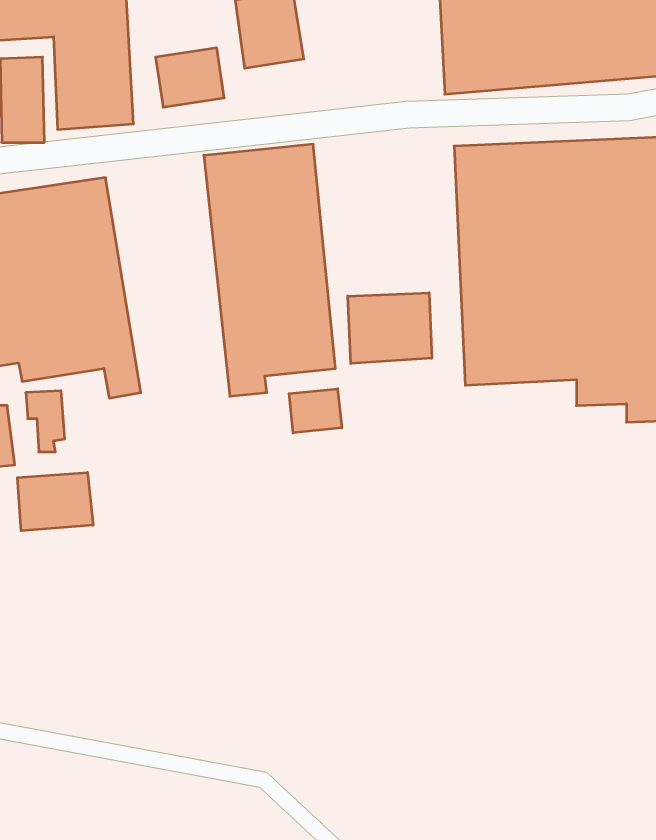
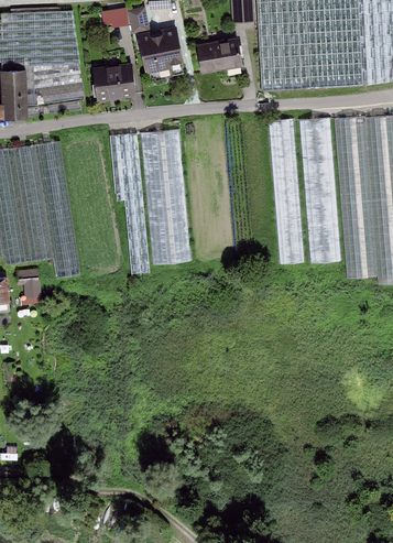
building: none -> [198,43,243,72]
building: [348,293,432,364] -> none
building: [289,389,342,433] -> none
building: [17,472,93,531] -> none

